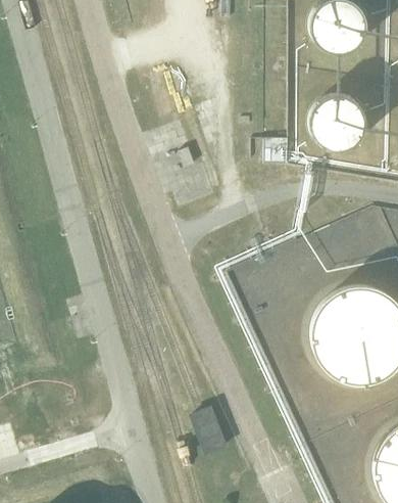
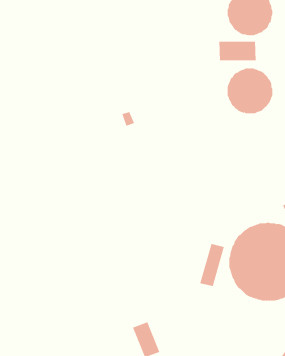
building: none -> [219,41,256,61]
building: none -> [200,243,225,287]

